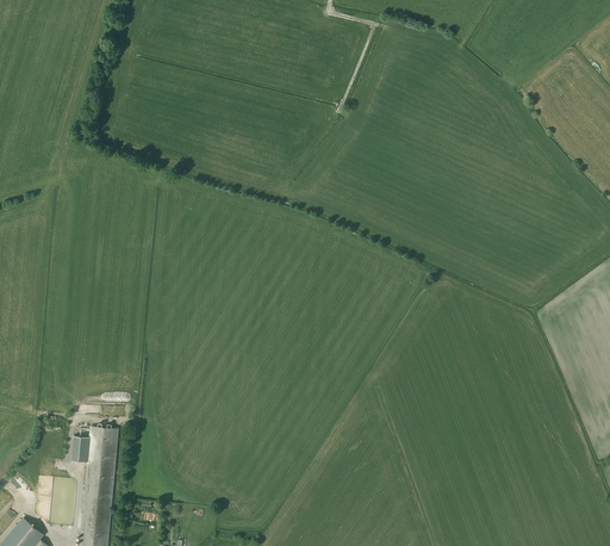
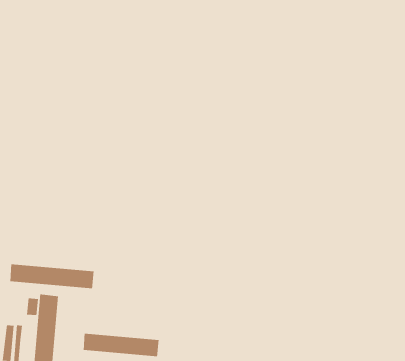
building: none -> [10,263,94,289]
building: none -> [83,333,159,357]

